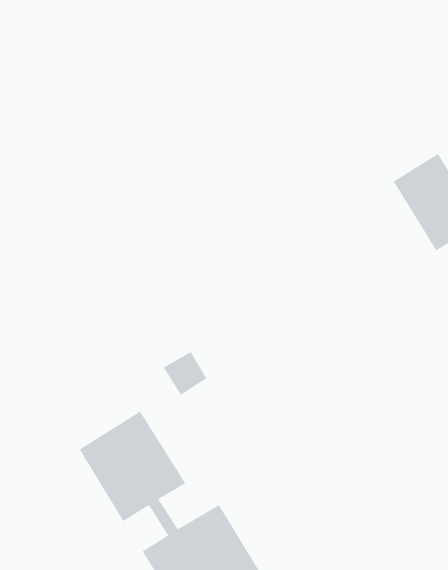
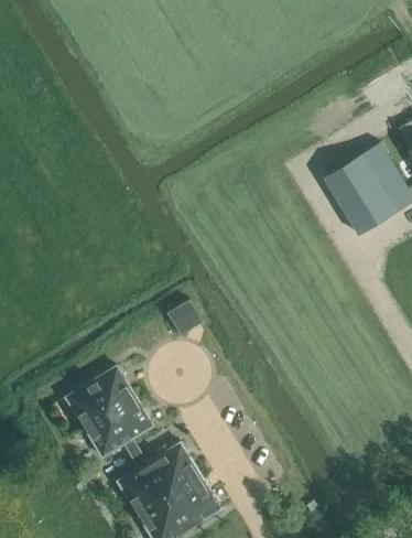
building: [163,351,207,396] -> [166,299,203,335]

